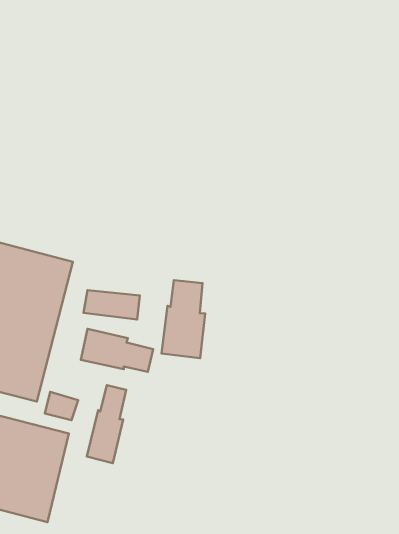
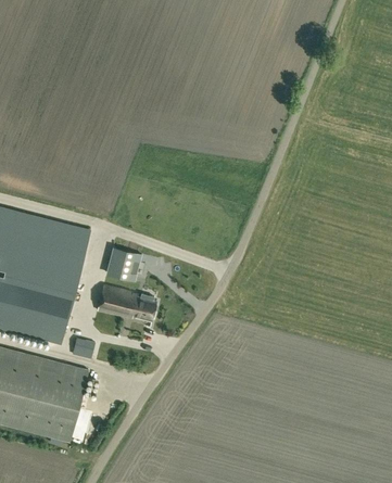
building: [162,280,205,358] -> none
building: [87,385,126,463] -> none

